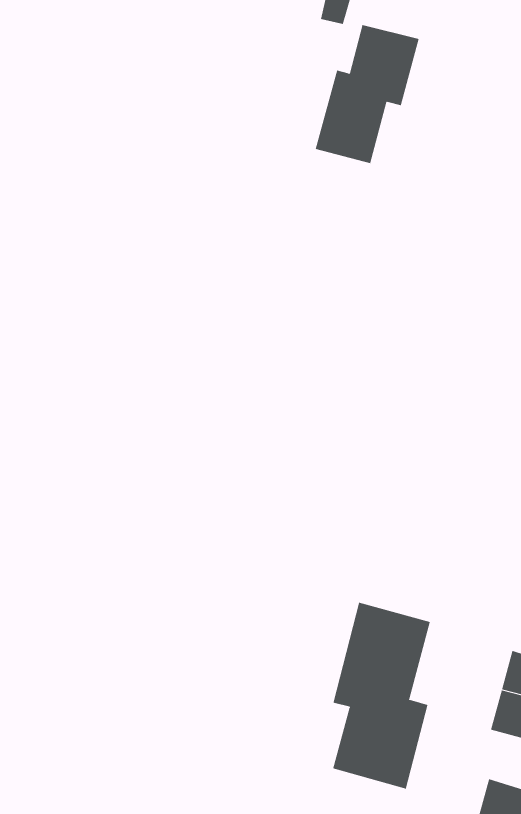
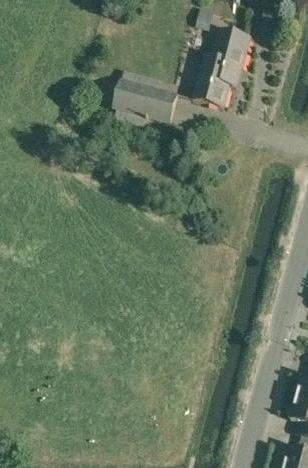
building: none -> [114,71,177,130]
building: [333,602,430,789] -> none

